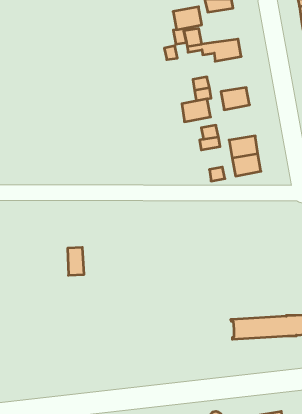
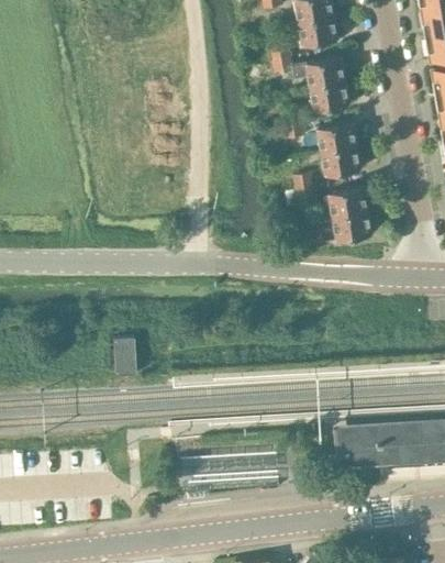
building: [173,7,202,30] -> [299,16,337,47]
building: none -> [310,81,349,111]
building: [182,99,211,122] -> [322,146,360,177]

